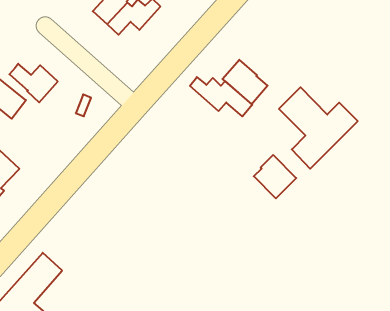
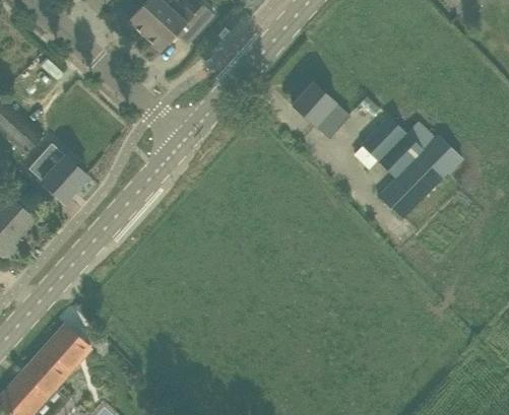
building: [9,64,58,102] -> [26,152,87,201]
building: [190,77,252,116] -> none
building: [254,155,296,198] -> none

